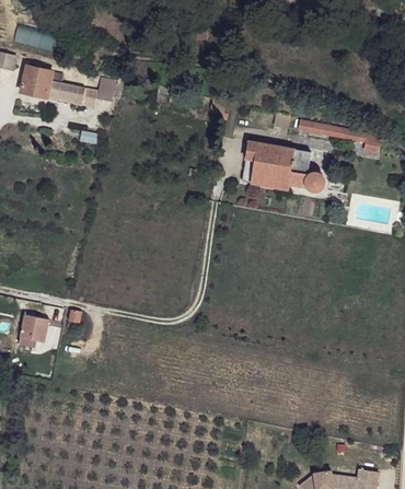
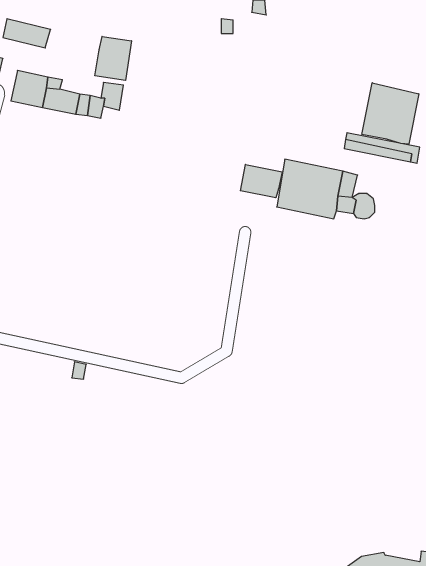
building: none -> [95,36,131,80]
building: none -> [362,83,419,144]
building: none -> [240,164,282,198]
building: [20,315,50,348] -> none

